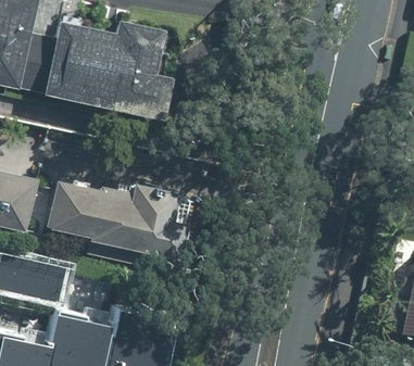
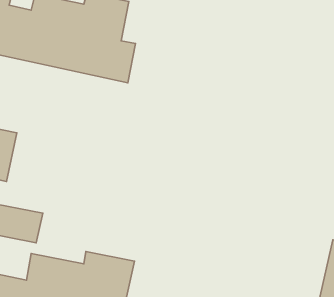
building: [47,180,179,253] -> none

